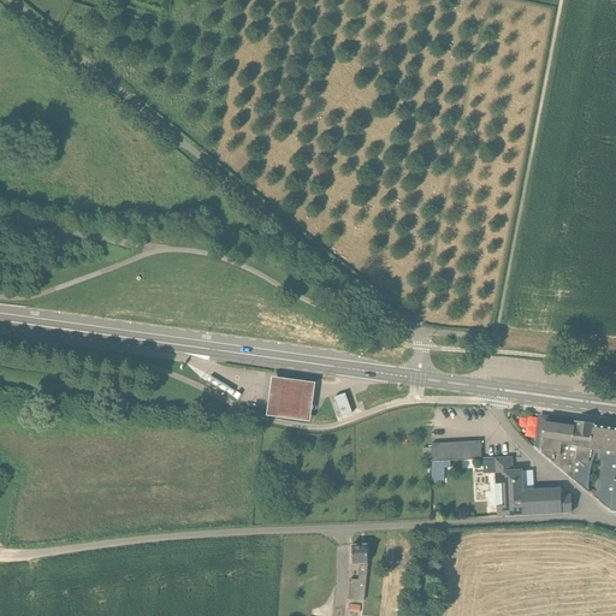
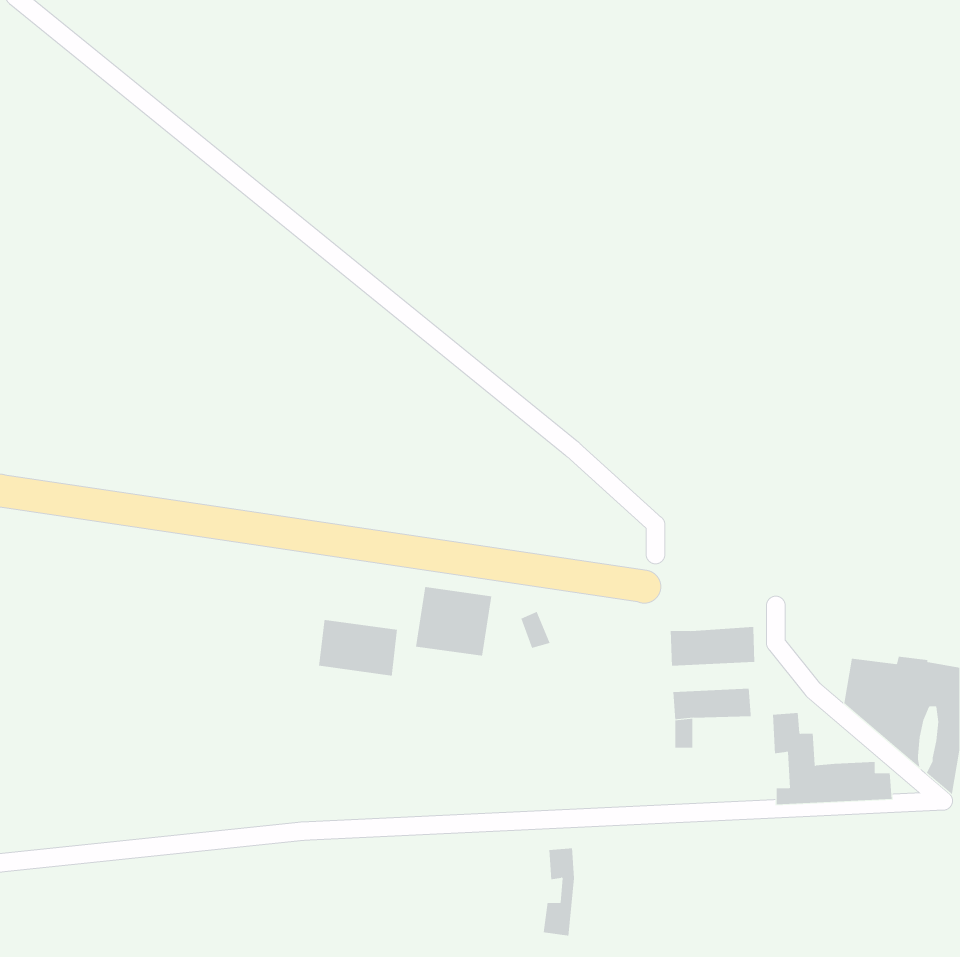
building: none -> [319,619,398,677]
building: none -> [670,626,755,667]

